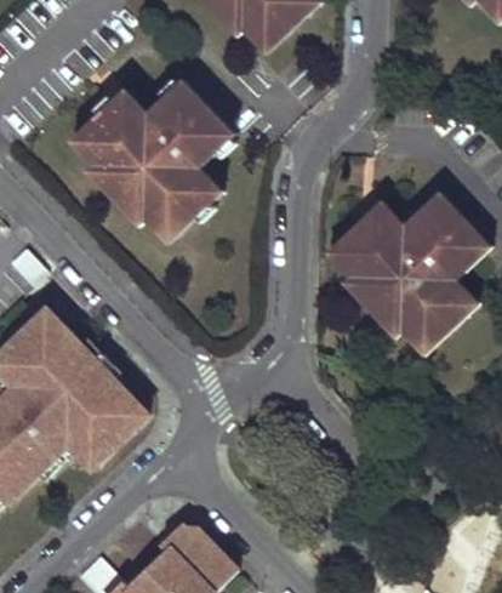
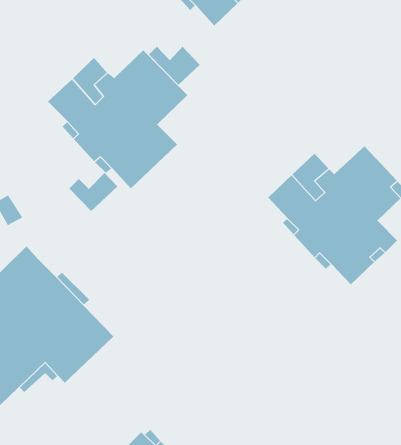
building: none -> [148,46,201,86]
building: none -> [68,172,118,212]

